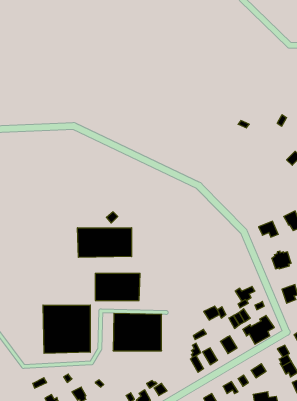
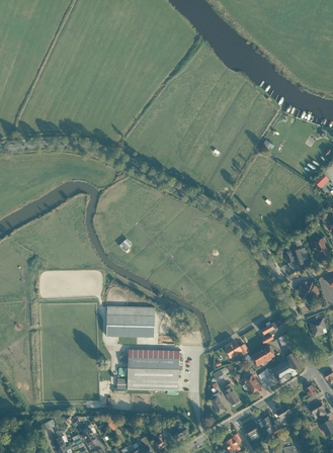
building: [78,228,132,257] -> none
building: [43,305,90,353] -> none

